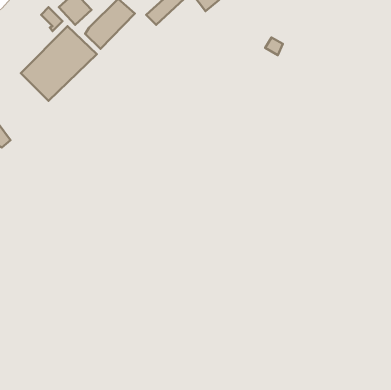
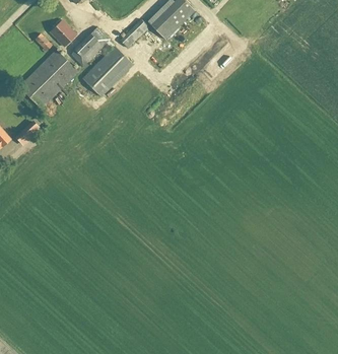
building: none -> [82,46,133,96]

